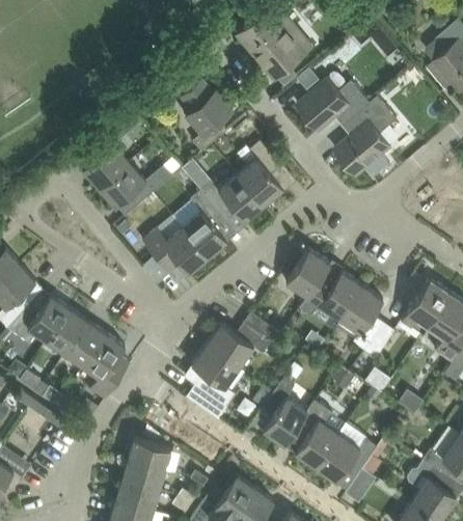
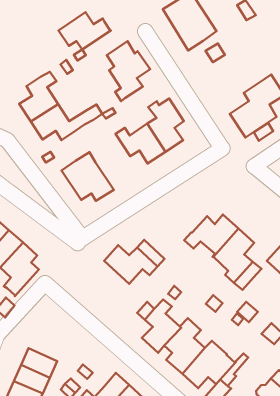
building: none -> [58,12,111,50]
building: [297,78,371,131] -> none
building: [181,190,226,257] -> none
building: [284,249,329,297] -> none
building: [186,344,239,418] -> none
building: [128,438,170,470] -> none

